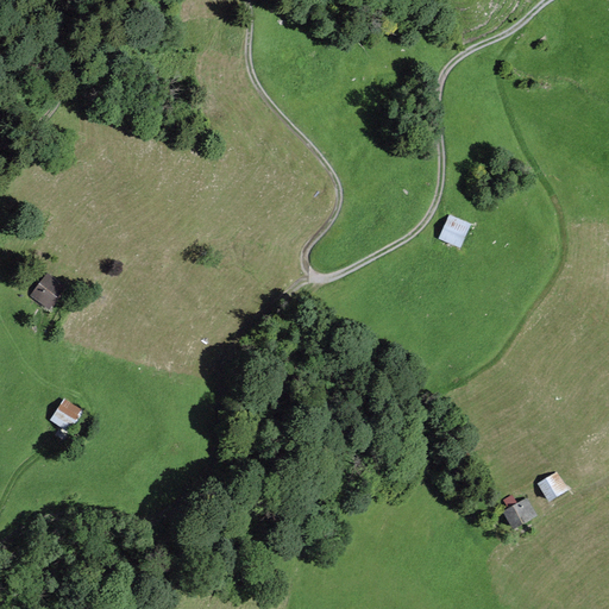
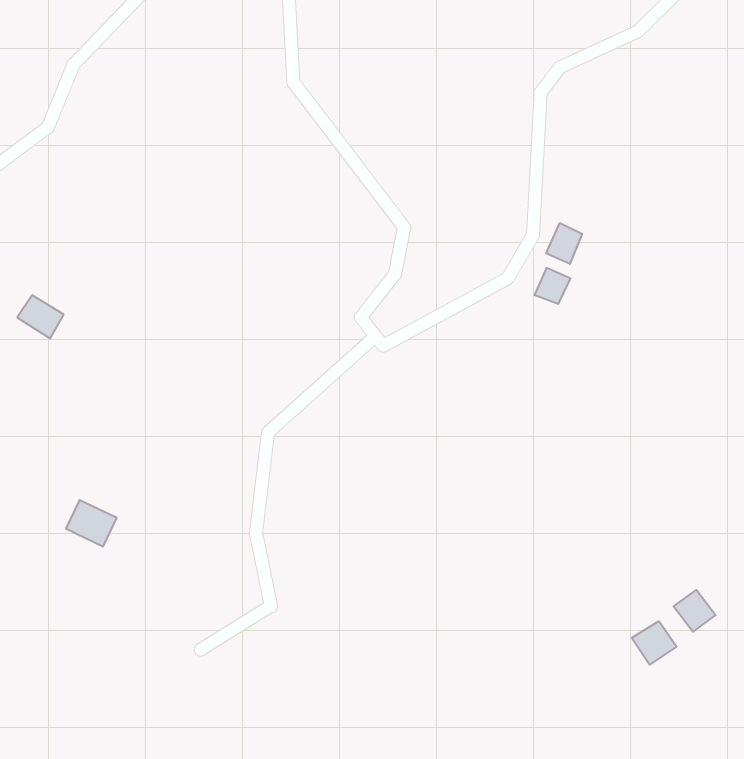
building: none -> [546,223,582,264]
building: [27,277,64,312] -> [17,295,64,339]

